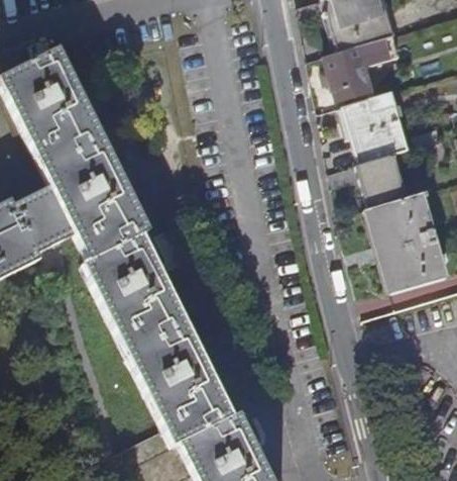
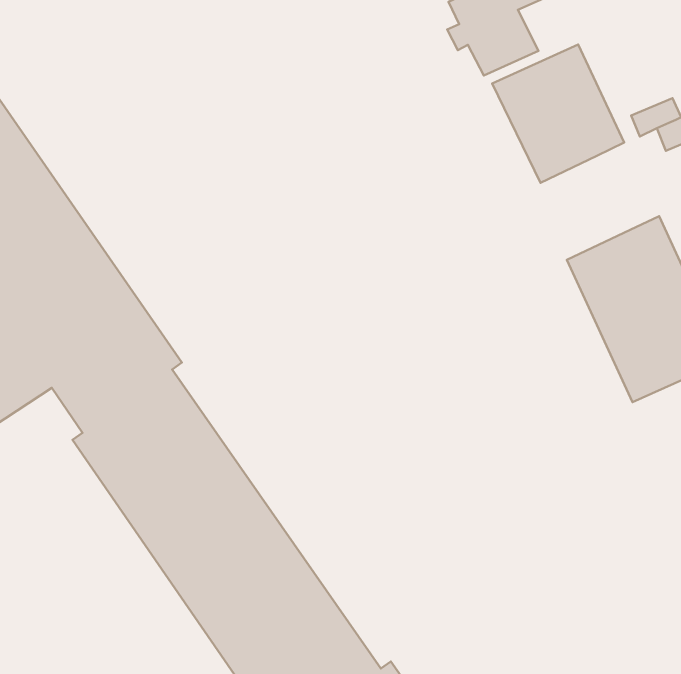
building: [359,152,409,206] -> none

